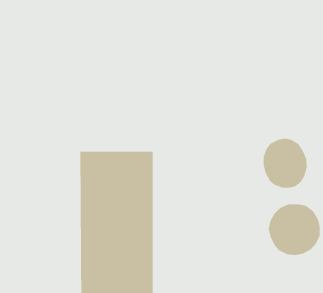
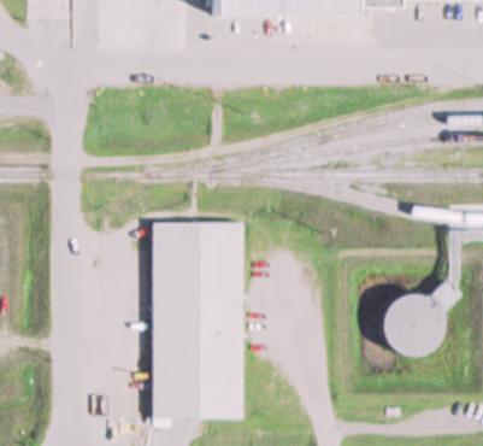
building: [263,138,308,189] -> none

